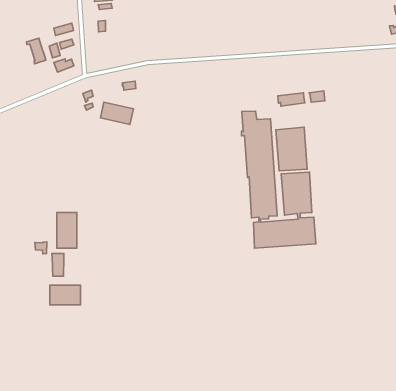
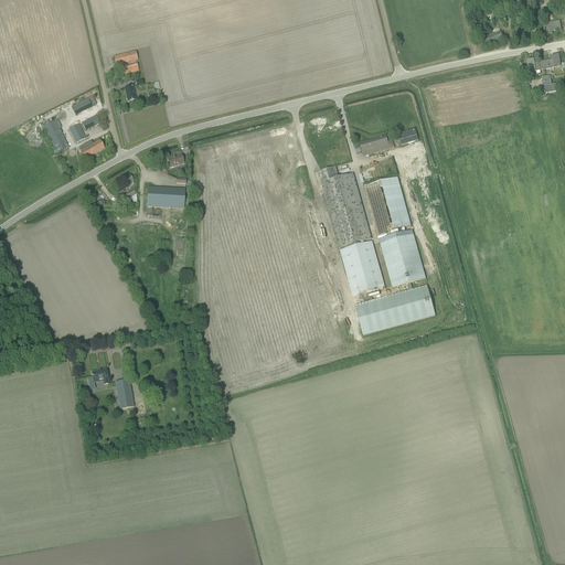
building: [57,212,77,248] -> none
building: [50,285,81,305] -> none

